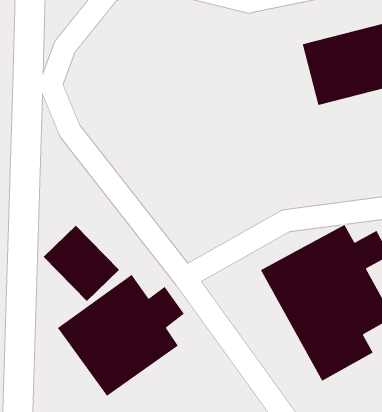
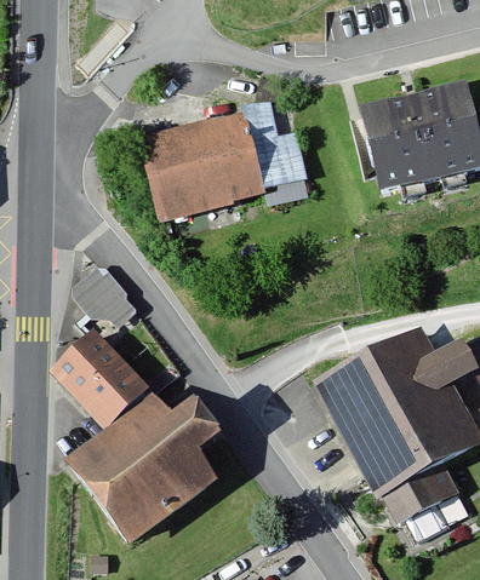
building: none -> [147,107,308,216]
building: none -> [69,264,135,325]

